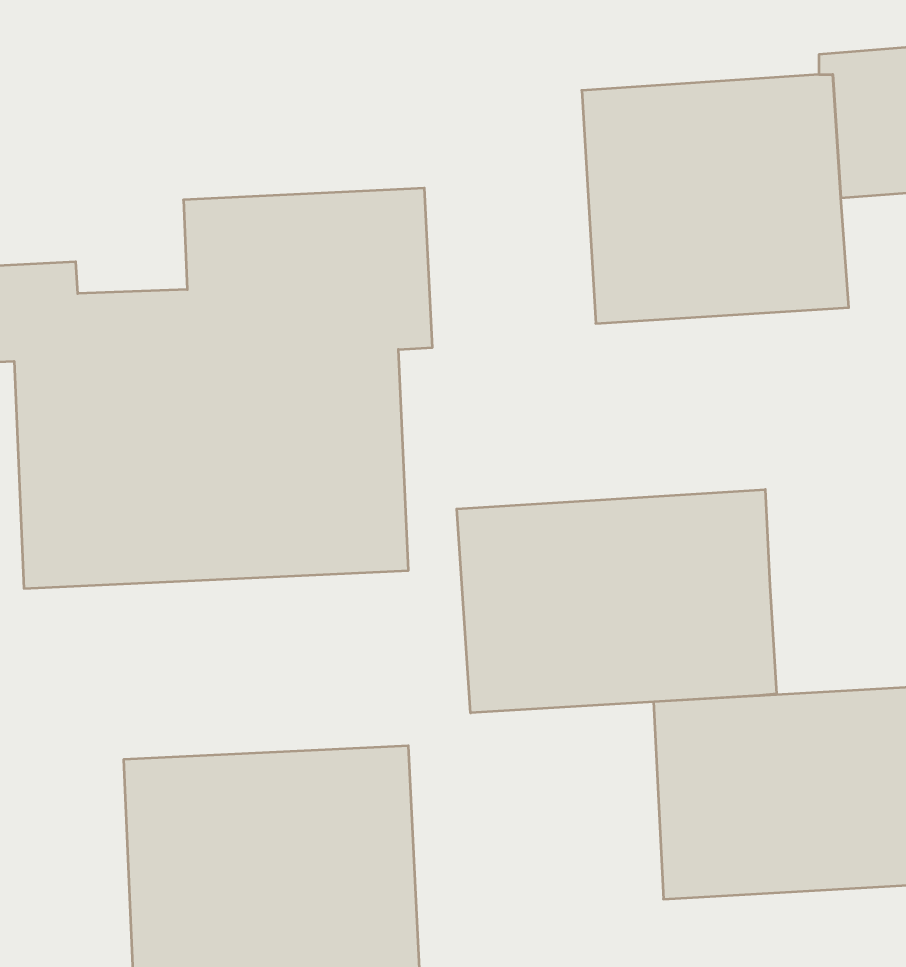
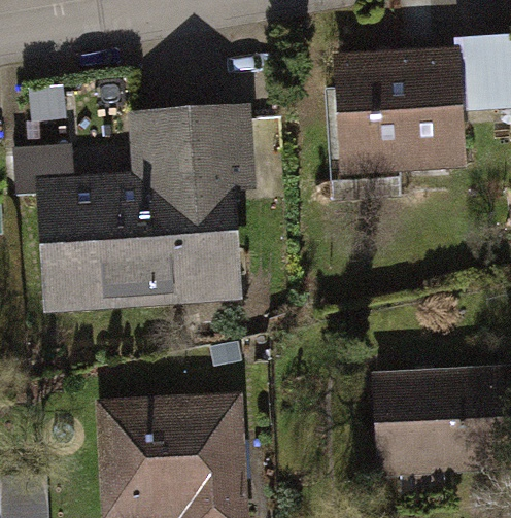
building: [457,489,777,713] -> none

